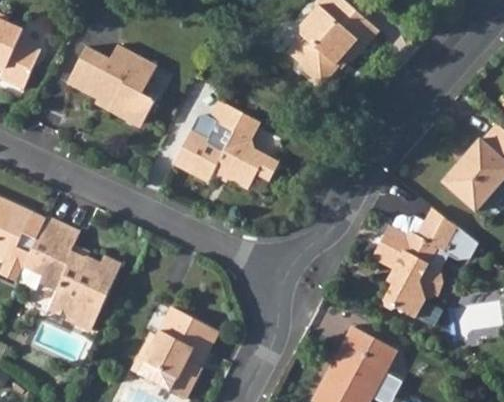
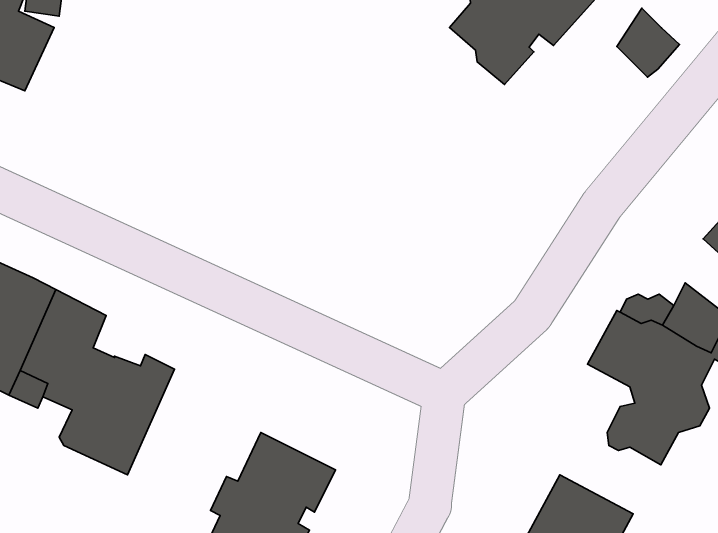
building: none -> [617,8,679,77]
building: [69,45,158,125] -> none
building: [173,102,278,193] -> none

